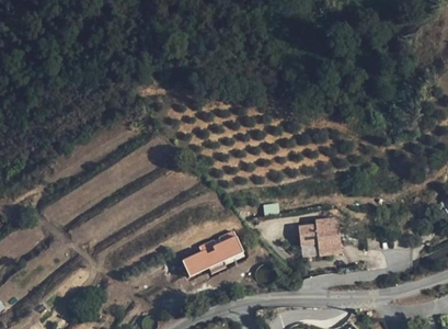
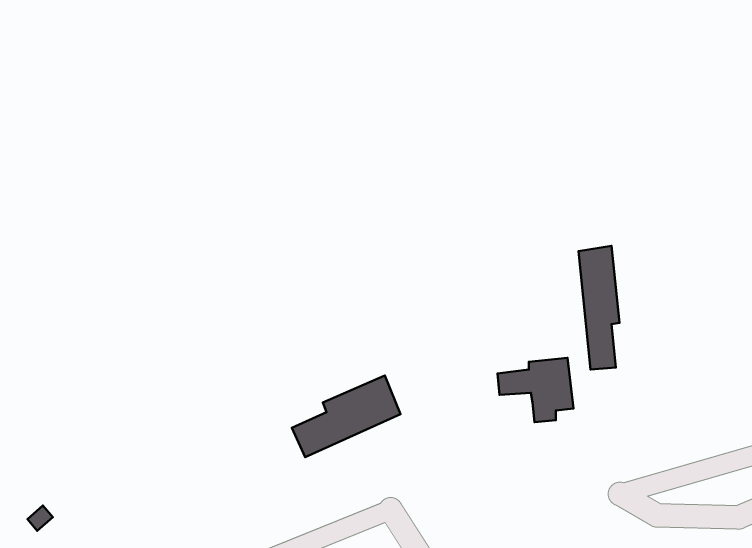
building: none -> [579,246,620,369]

